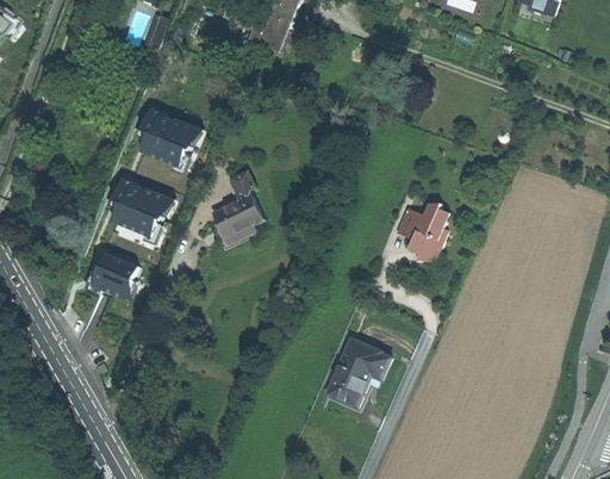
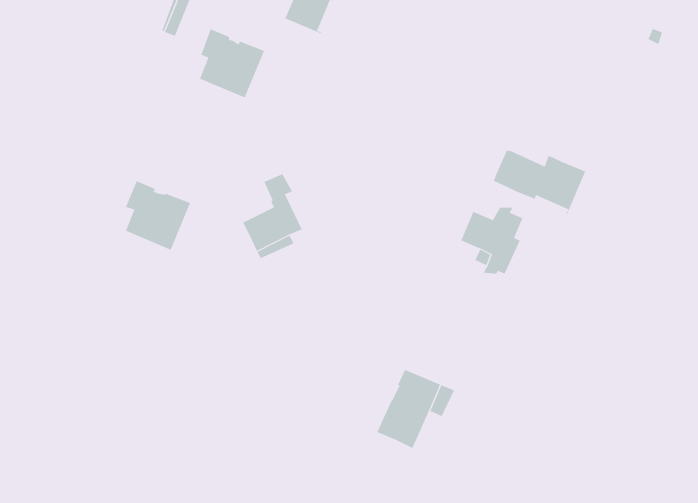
building: [141,108,197,168] -> [199,28,265,98]
building: none -> [493,150,586,214]
building: [92,254,139,299] -> none

